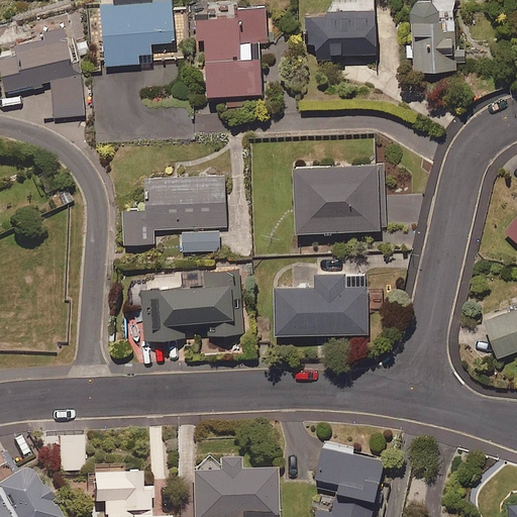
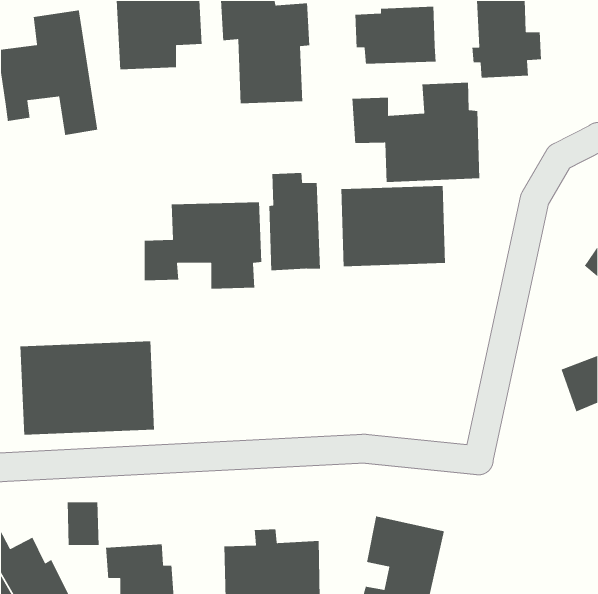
building: none -> [352,82,480,183]
building: none -> [268,172,321,271]
building: [275,266,382,336] -> none
building: [141,273,245,339] -> none
building: none -> [20,341,155,435]

